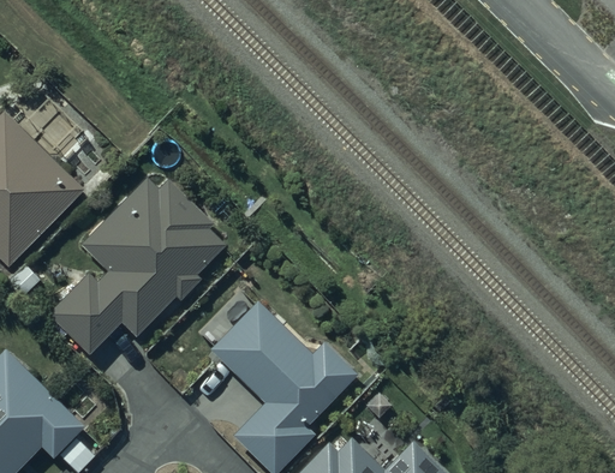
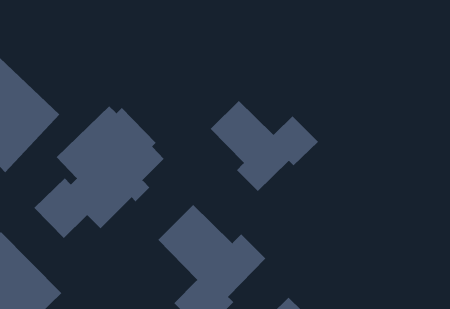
building: none -> [210,100,319,192]

